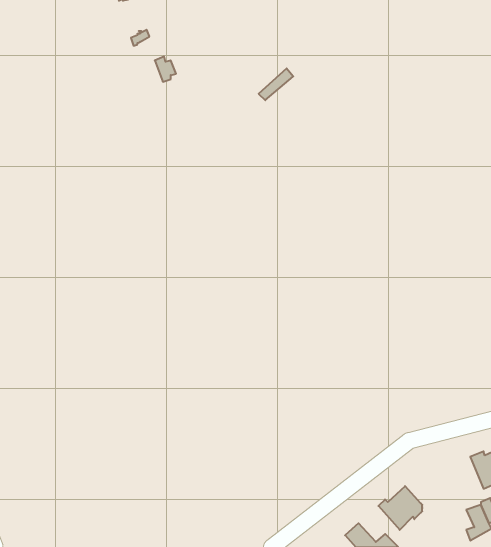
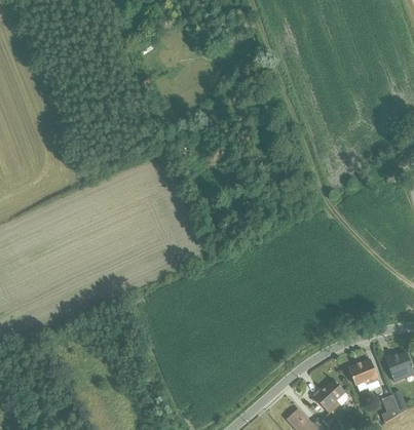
building: none -> [347,359,379,391]

